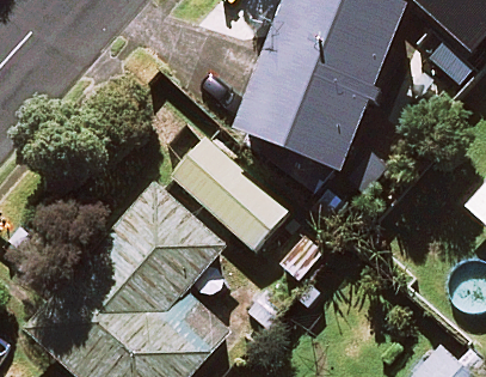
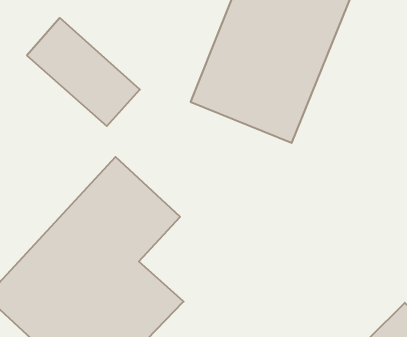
building: [172,138,287,248] -> [27,18,140,126]

